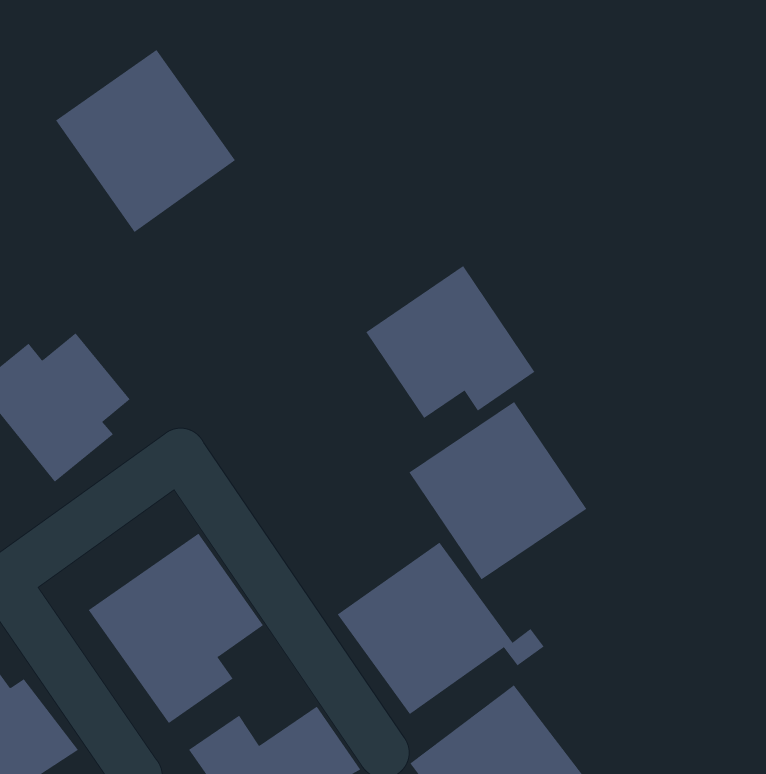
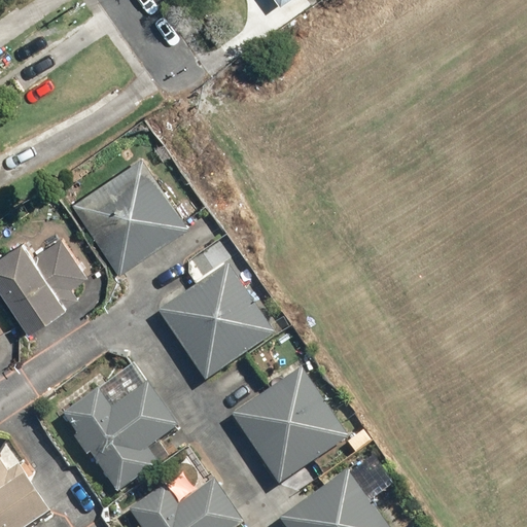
building: [55,49,236,233] -> [66,150,188,275]
building: [366,265,535,419] -> none
building: [408,401,587,580] -> [154,260,276,382]

